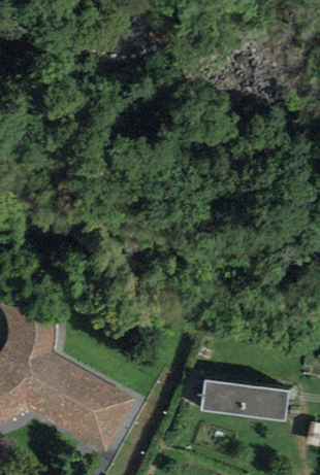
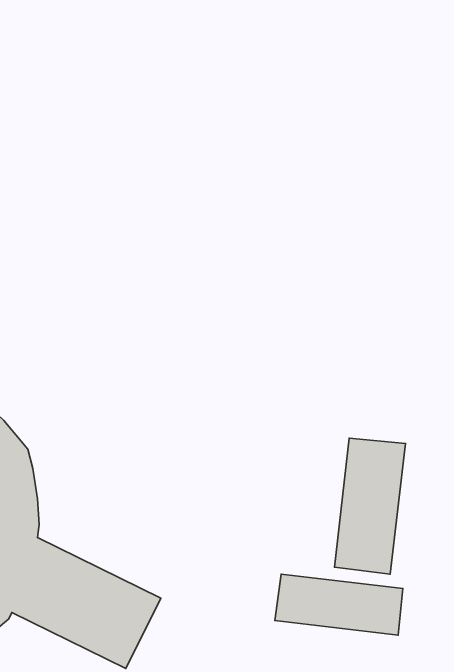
building: none -> [334,438,405,574]

